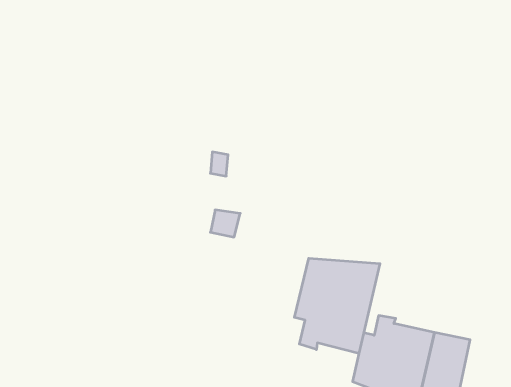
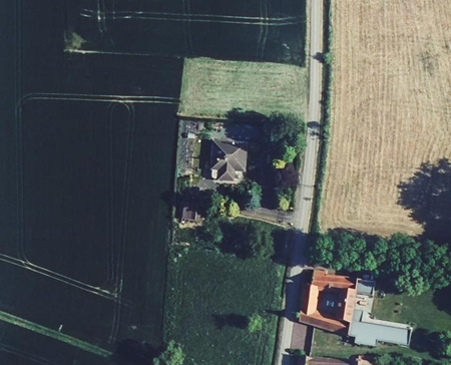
building: none -> [210,140,247,181]
building: [294,258,380,353] -> none

